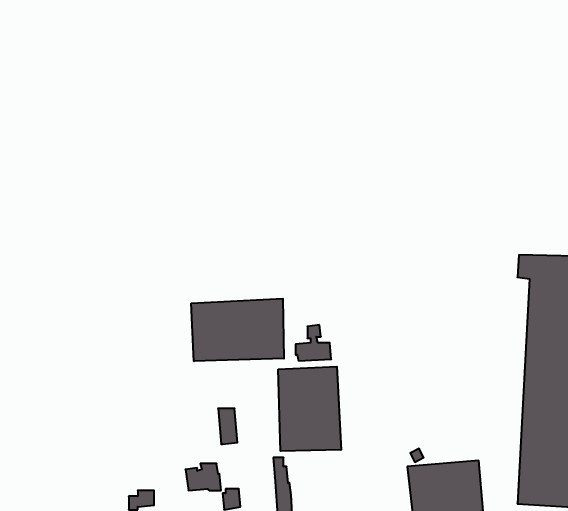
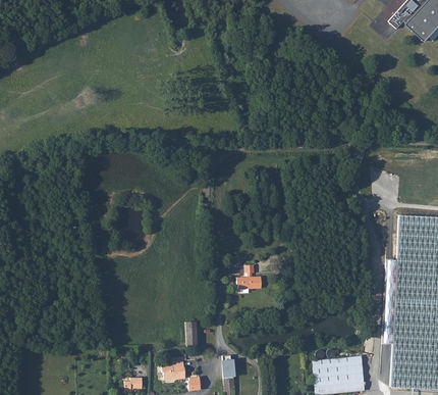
building: [191,299,284,361] -> none
building: [278,367,341,451] -> none

